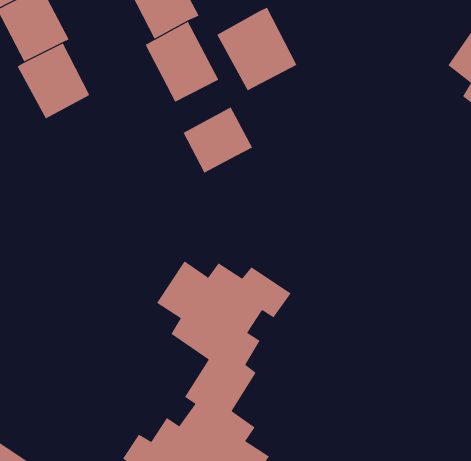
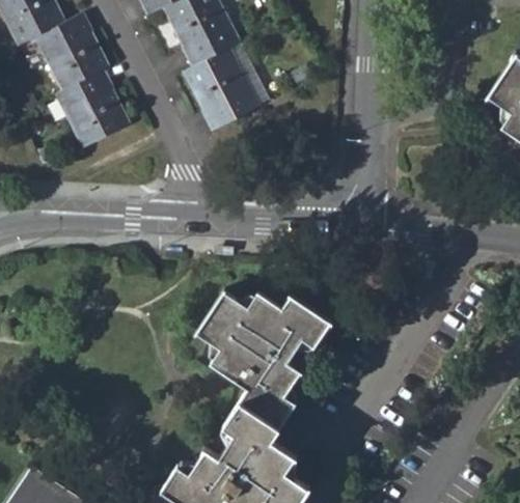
building: [216,7,297,91] -> none
building: [183,107,253,173] -> none

